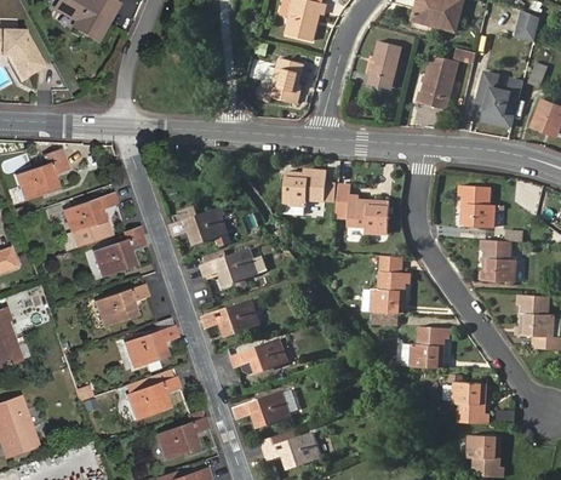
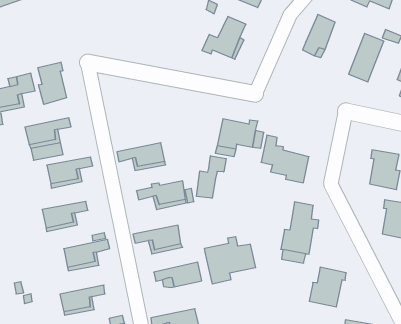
building: none -> [38,62,67,104]
building: none -> [197,156,226,198]
building: none -> [205,237,256,284]

